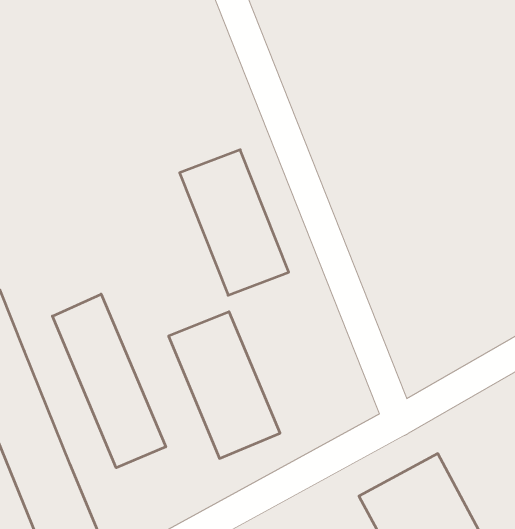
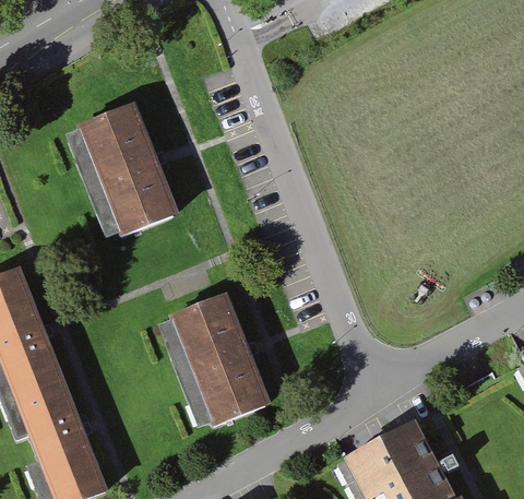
building: [180,150,289,295] -> [80,106,178,237]
building: [52,294,166,468] -> none

